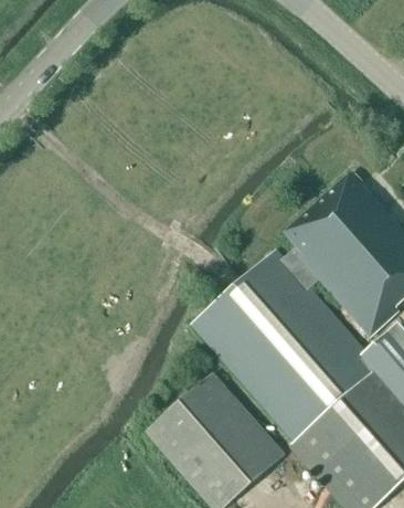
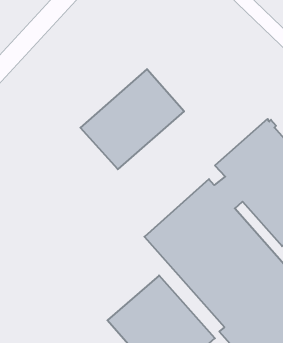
building: none -> [80,69,184,169]

